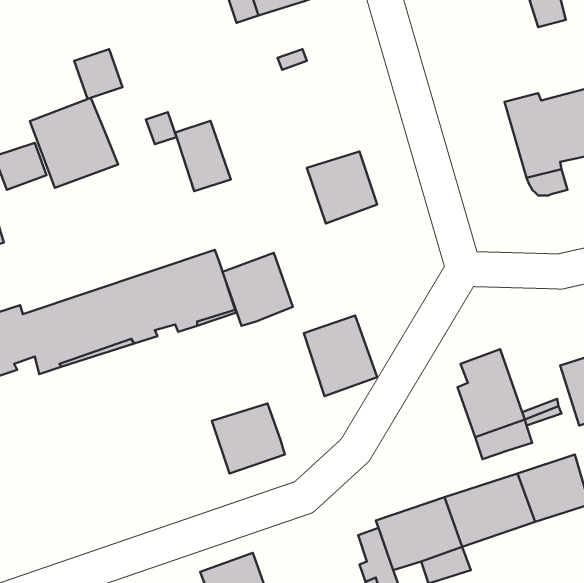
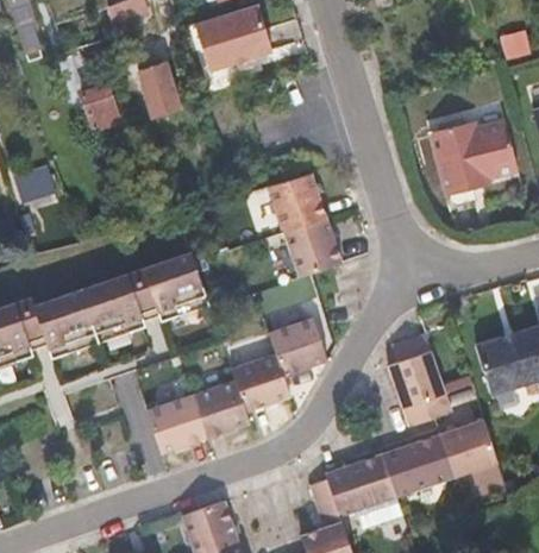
building: [30,98,118,188] -> none
building: [175,121,231,191] -> [138,70,183,127]
building: [223,253,293,326] -> [283,216,340,276]
building: none -> [232,351,289,408]
building: none -> [145,392,205,451]

